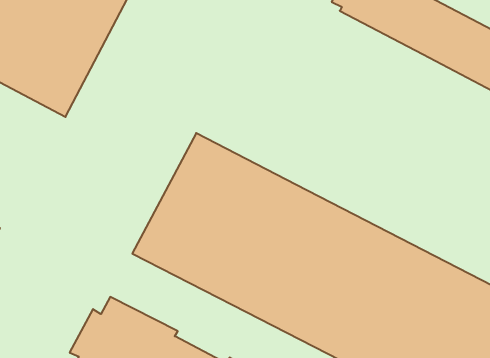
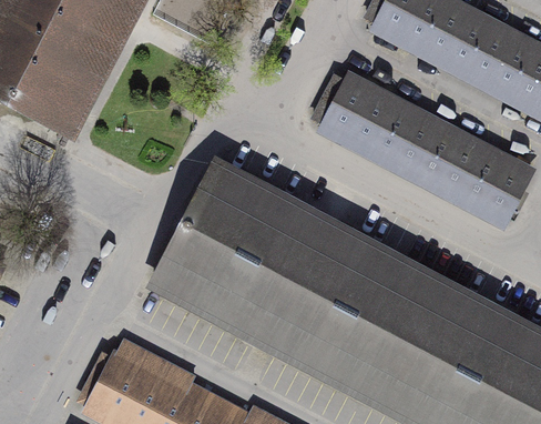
building: none -> [313,73,530,221]

